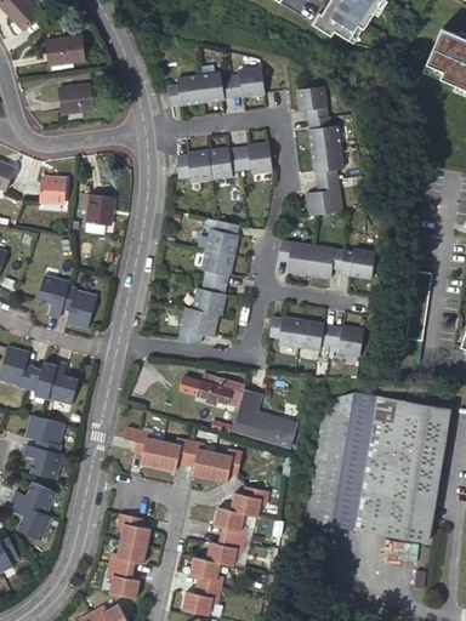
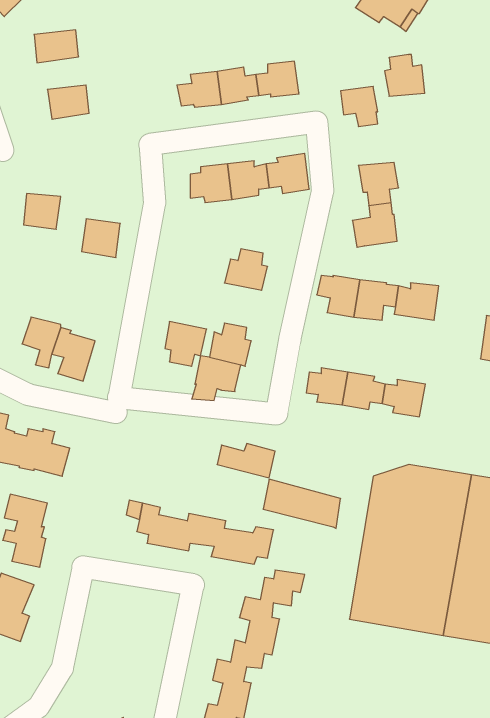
building: [308,116,341,150] -> [385,55,425,96]
building: [199,246,233,283] -> [165,322,207,366]
building: [109,509,152,596] -> none

